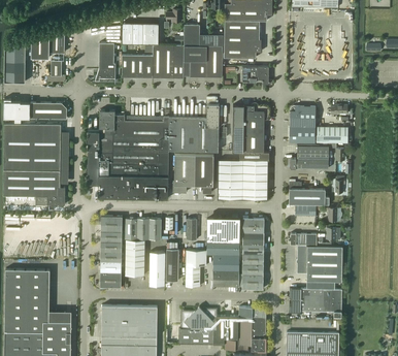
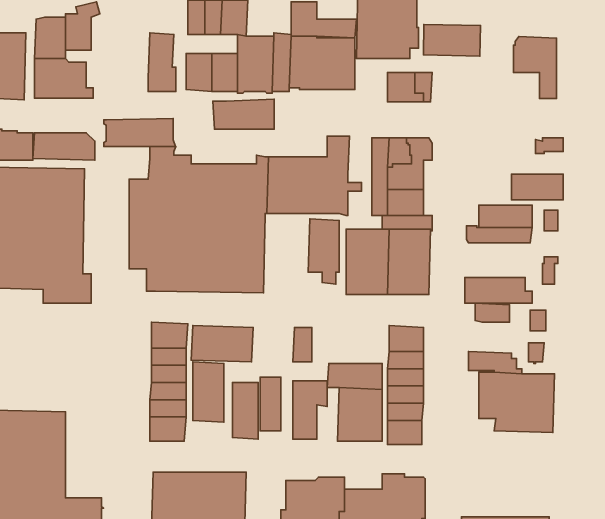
building: none -> [423,25,481,56]
building: none -> [213,99,274,129]
building: none -> [104,118,175,146]
building: [290,106,316,143] -> [514,36,557,98]
building: [172,155,196,193] -> none
building: [207,217,240,241] -> none
building: [289,289,342,318] -> none

